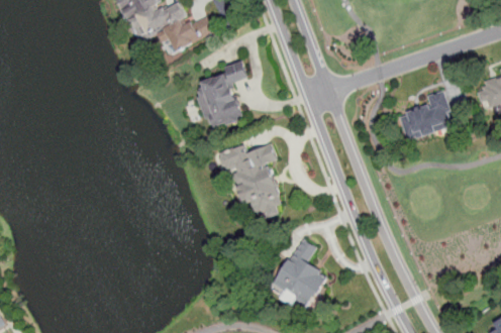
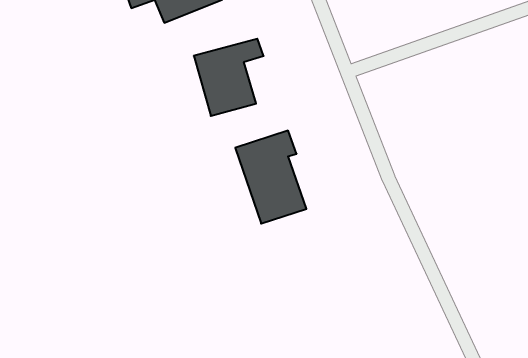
building: [400,92,453,139] -> none
building: [273,238,328,307] -> none

